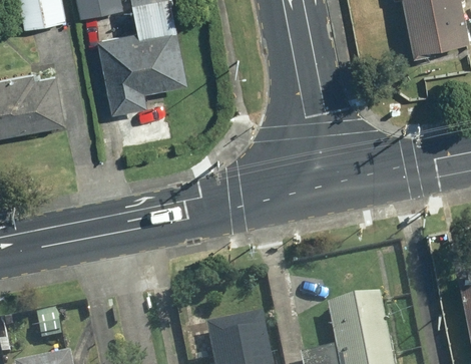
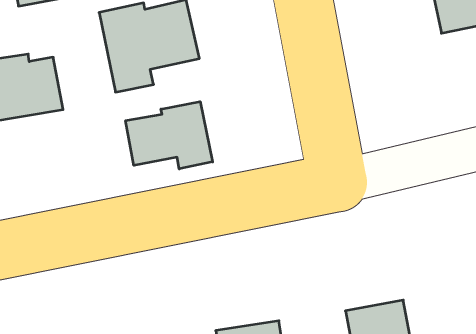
building: none -> [126,102,213,169]

